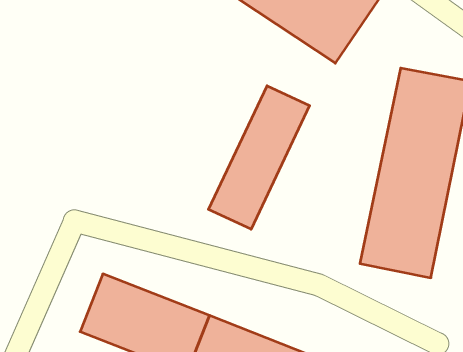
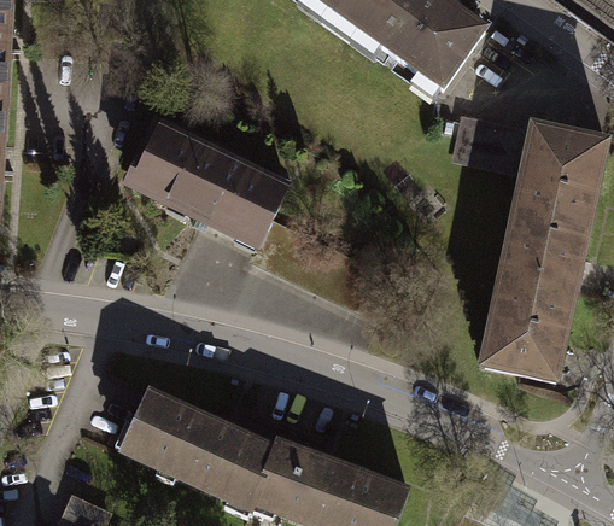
building: none -> [119,115,290,247]
building: [208,86,310,229] -> none

